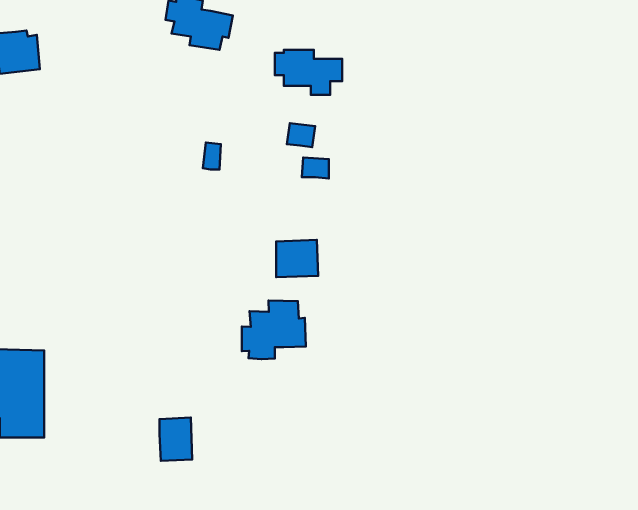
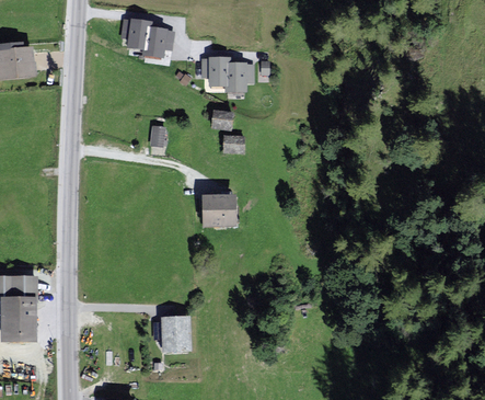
building: [242,300,306,359] -> none
building: [159,418,192,461] -> [164,318,188,350]

